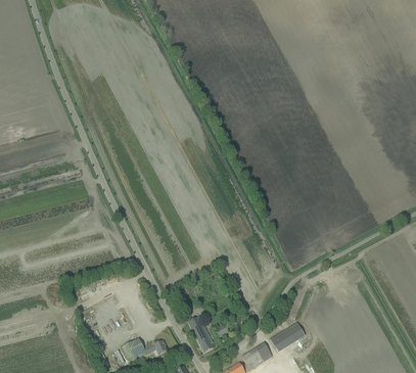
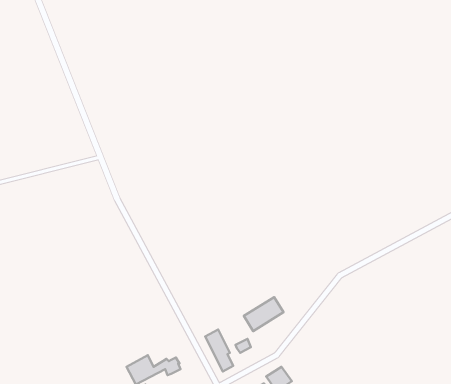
building: [271,320,306,349] -> [244,297,284,331]

